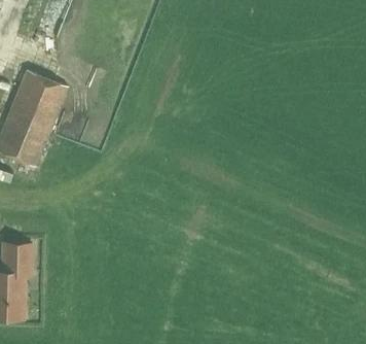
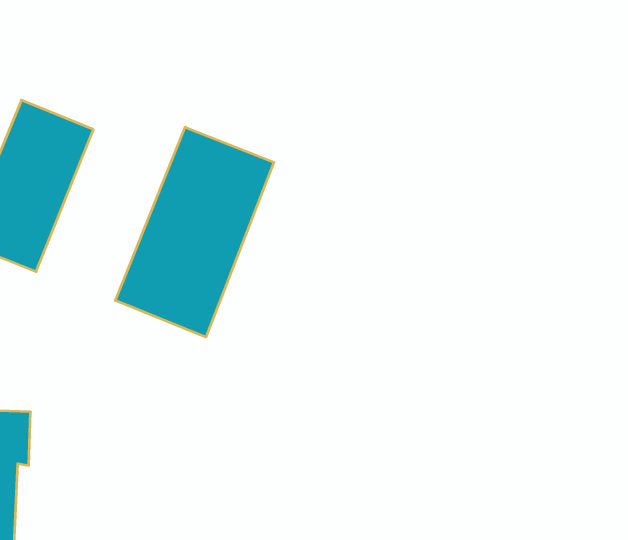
building: none -> [115,127,274,337]

